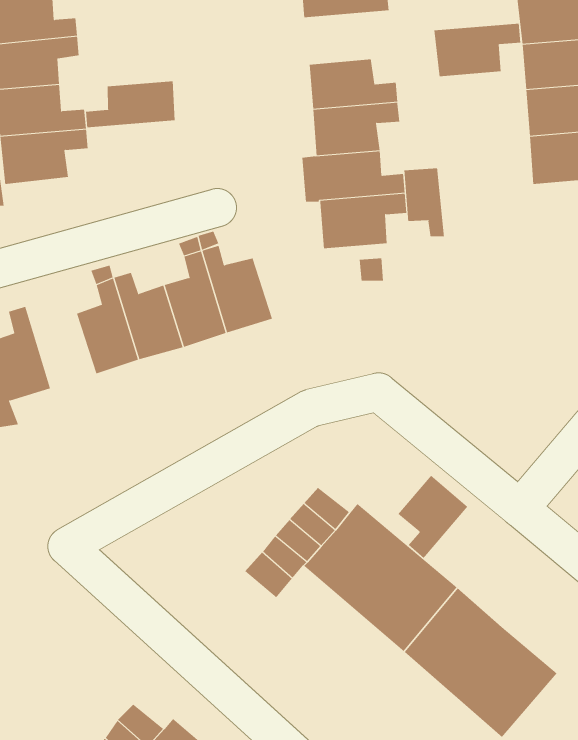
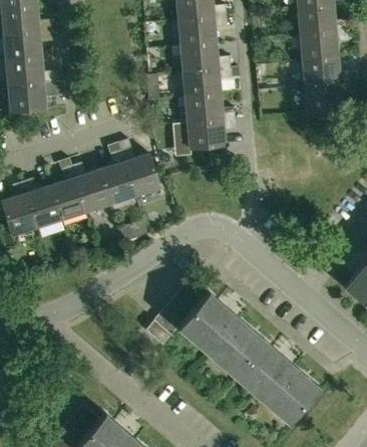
building: [433,23,521,77] -> [177,16,227,46]
building: [85,81,175,128] -> none
building: [404,167,445,237] -> none
building: none -> [22,179,61,228]
building: [398,475,468,559] -> none

